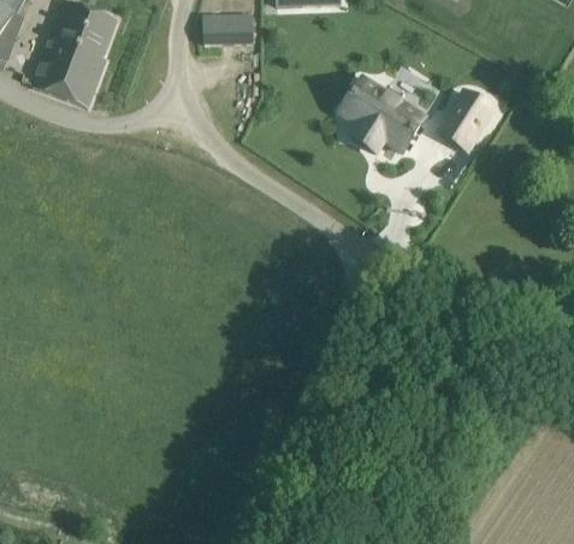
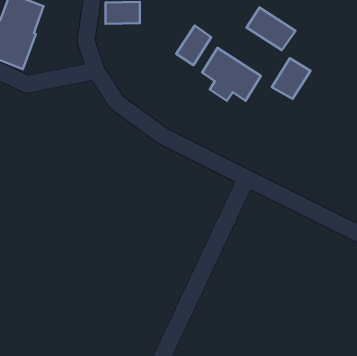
building: none -> [246,7,296,50]
building: none -> [176,26,211,65]

